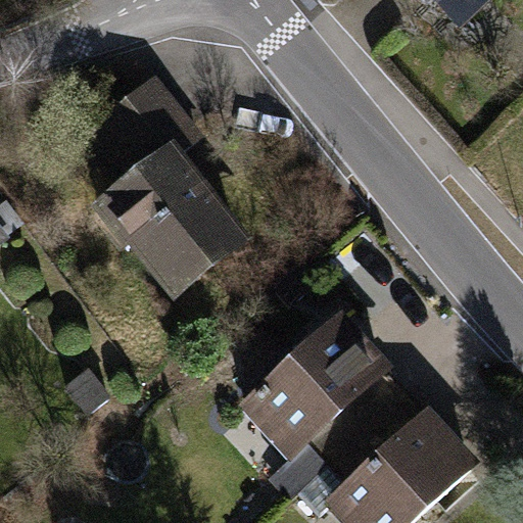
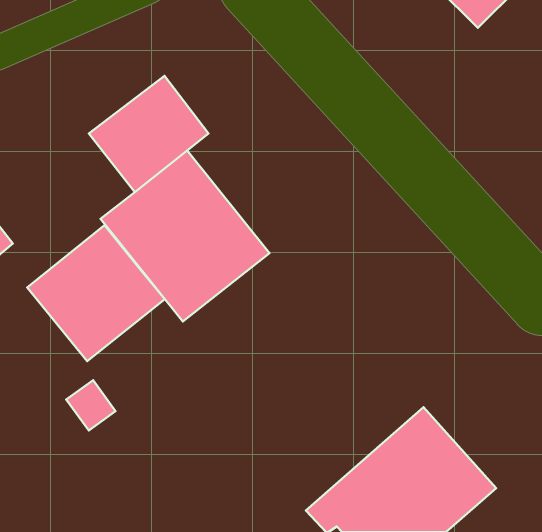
building: none -> [27,225,165,361]
building: [234,315,405,493] -> none

